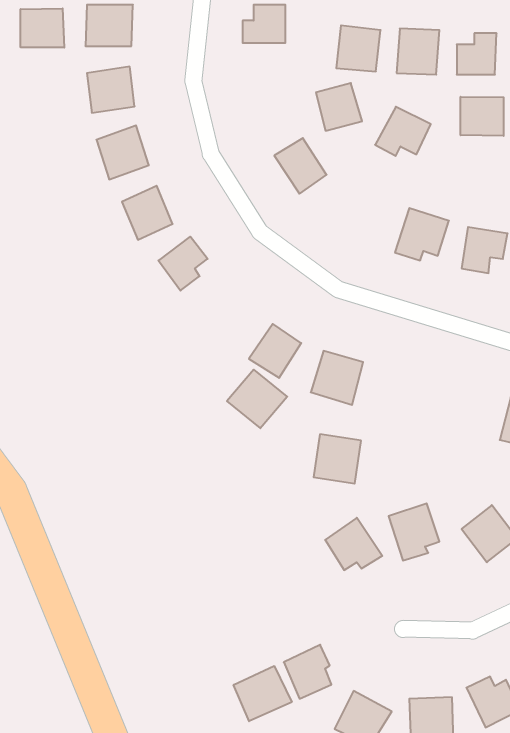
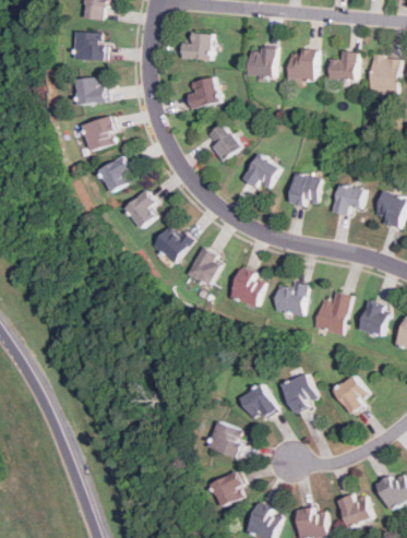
building: [21,8,64,48] -> none
building: [316,83,362,131] -> [187,75,218,108]
building: [461,97,504,136] -> none
building: [375,107,431,156] -> [241,155,279,189]
building: [227,370,287,428] -> [149,225,191,265]
building: none -> [312,291,351,336]
building: [314,434,361,484] -> [273,283,306,316]
building: none -> [206,421,246,458]
building: [234,666,292,721] -> none

